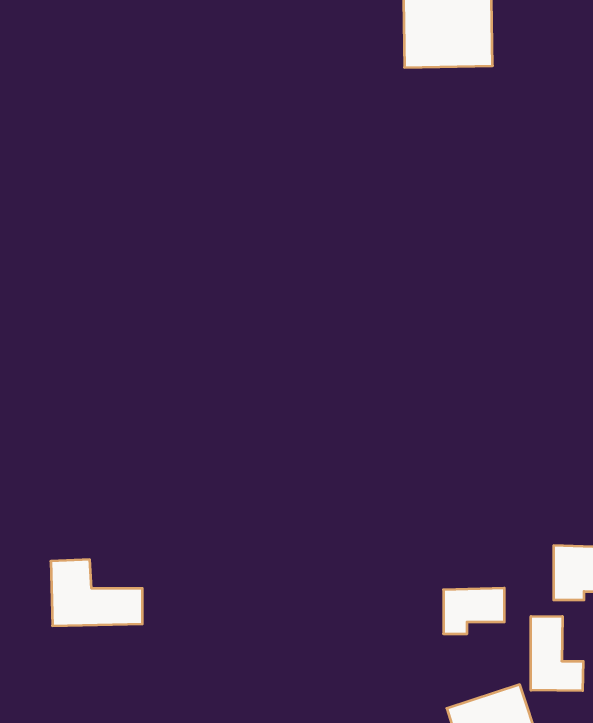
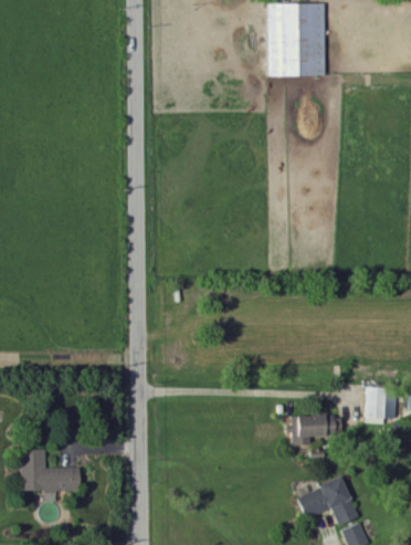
building: [51,560,142,626] -> [19,449,78,492]
building: [531,616,583,691] -> none

